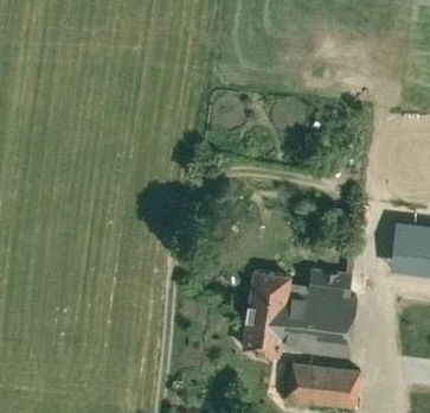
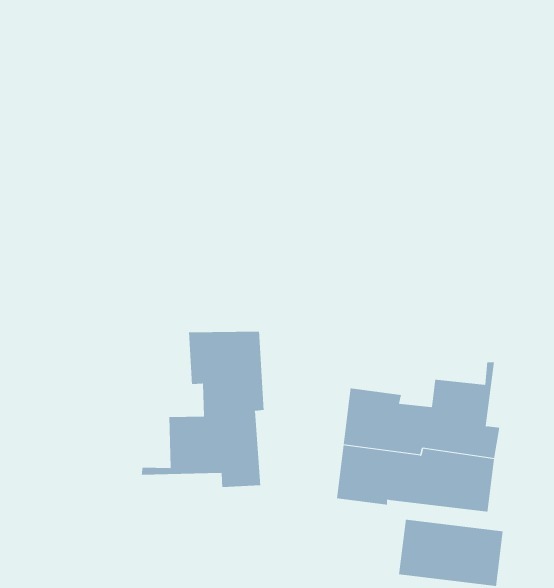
building: none -> [141,331,264,488]

